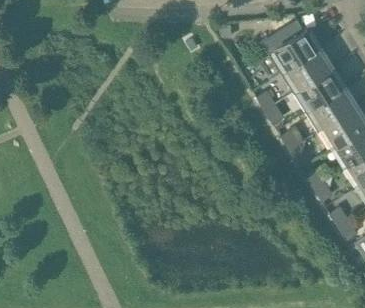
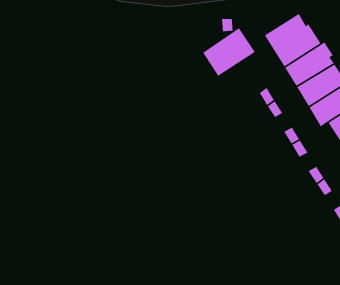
building: none -> [202,27,256,77]

